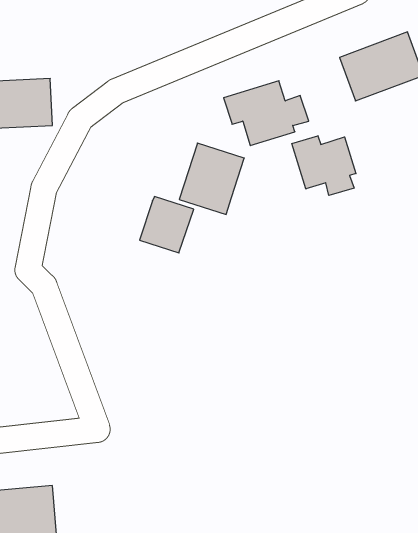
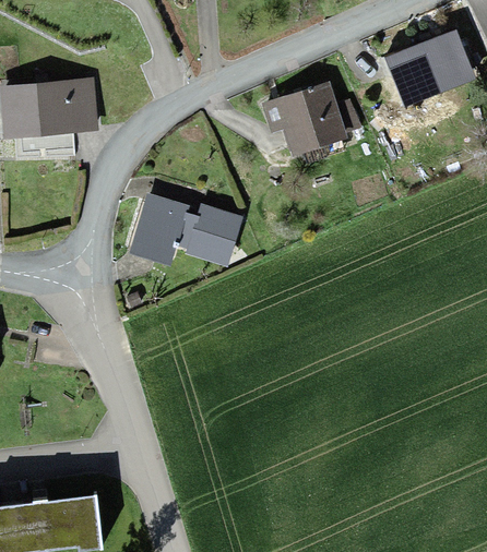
building: [292,136,356,195] -> none
building: [179,143,244,214] -> [130,192,197,265]

